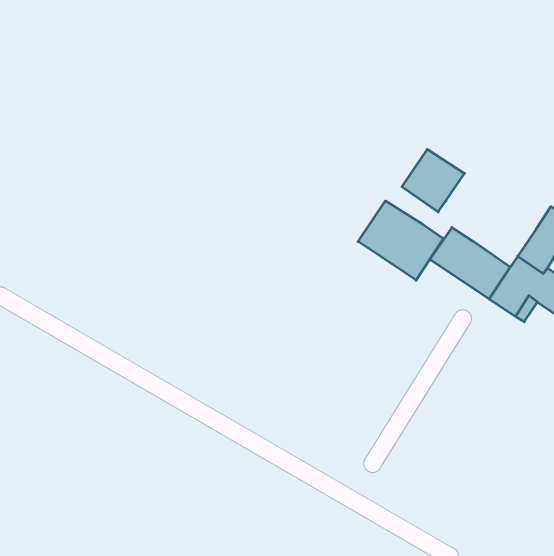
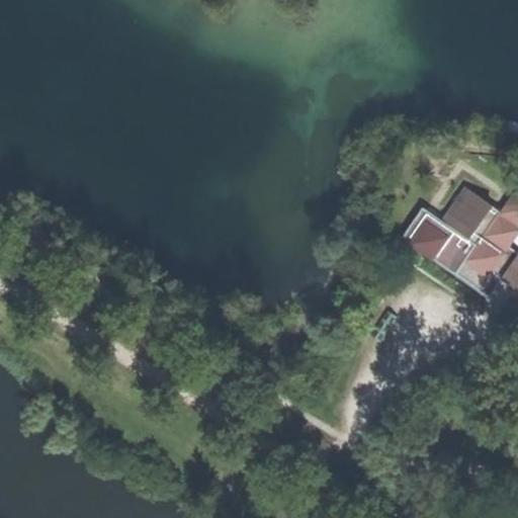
building: [402,149,465,212] -> [443,188,501,246]
building: [358,201,443,280] -> none

